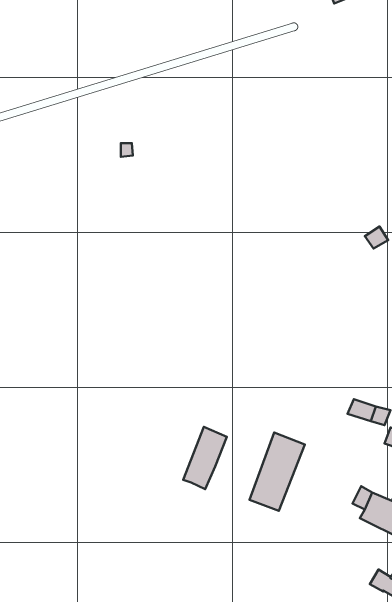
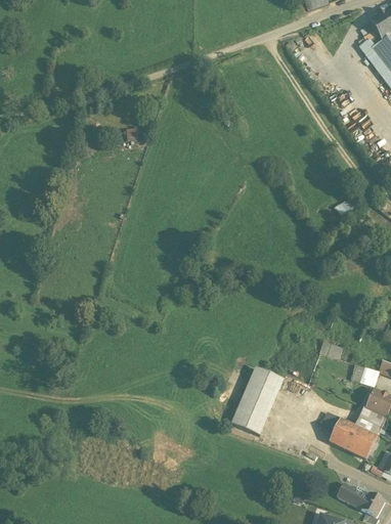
building: [183,427,227,489] -> none

